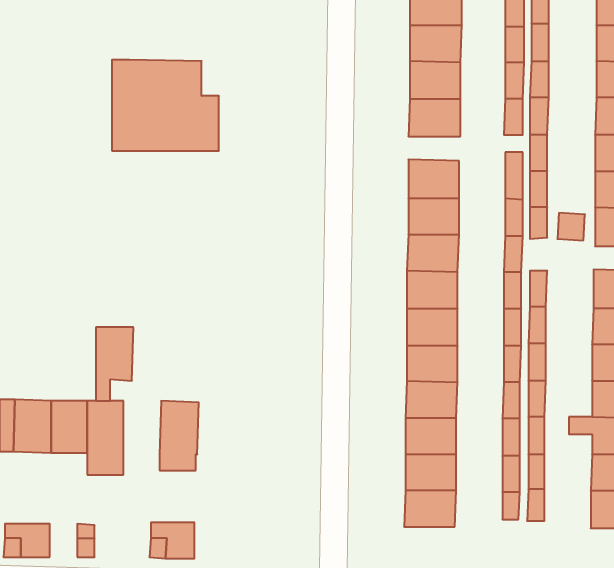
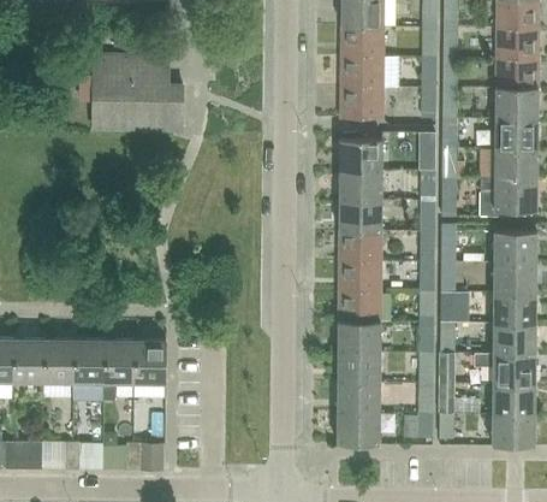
building: [96,327,133,401] -> [103,339,135,401]

